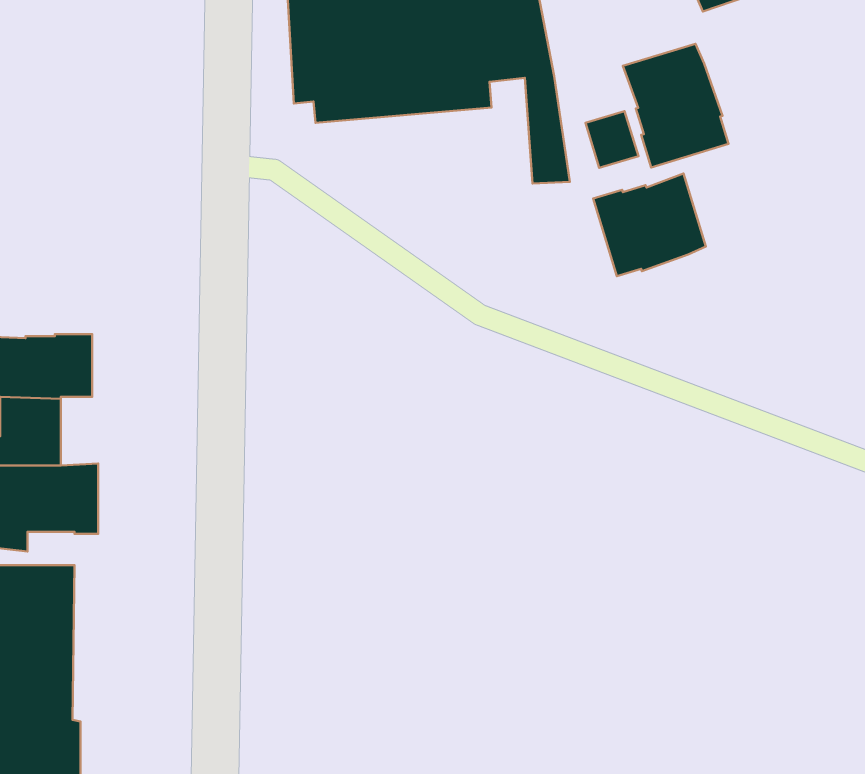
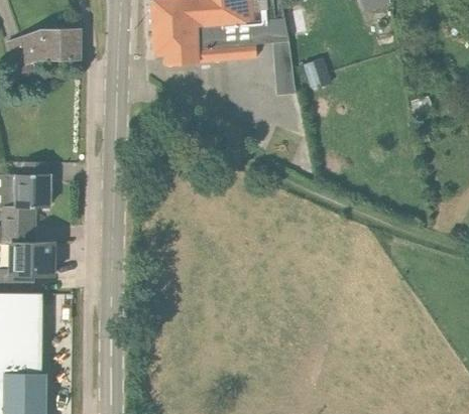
building: [623,44,729,167] -> none
building: none -> [7,28,80,80]
building: [593,174,706,276] -> none

